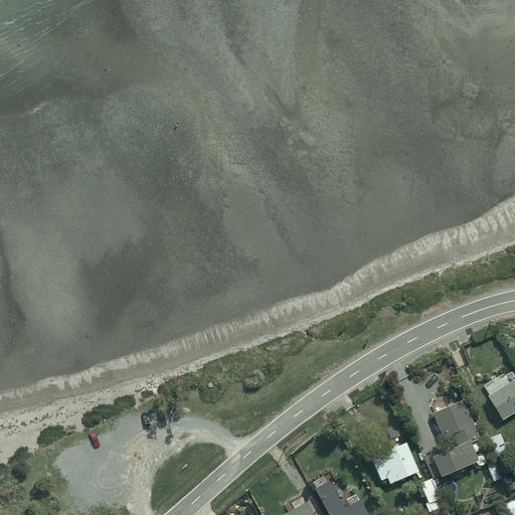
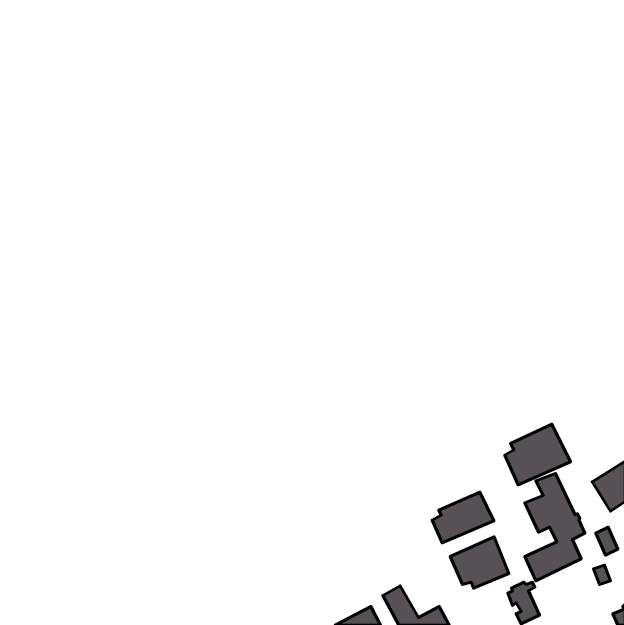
building: none -> [505,424,570,485]
building: none -> [432,492,494,543]

